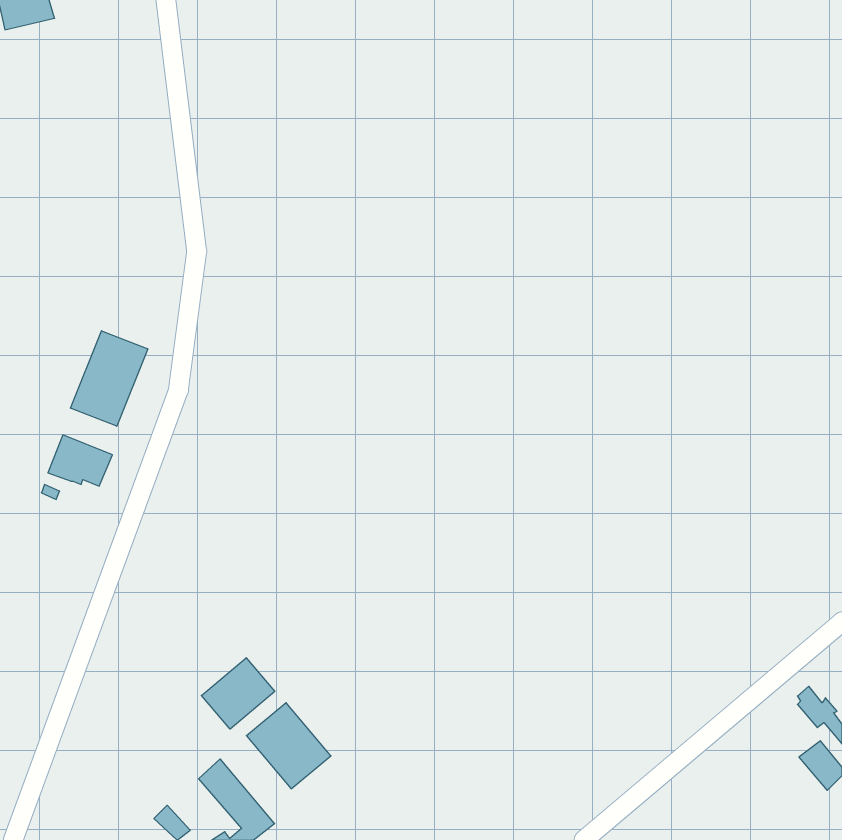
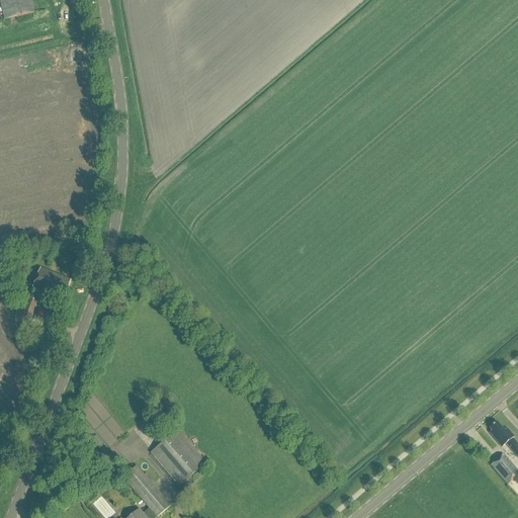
building: [71,331,148,426] -> none
building: [201,658,275,729] -> none

